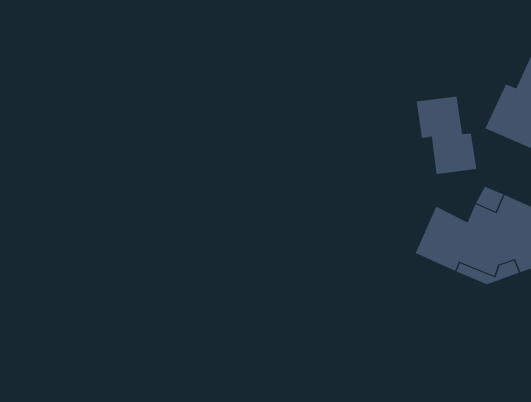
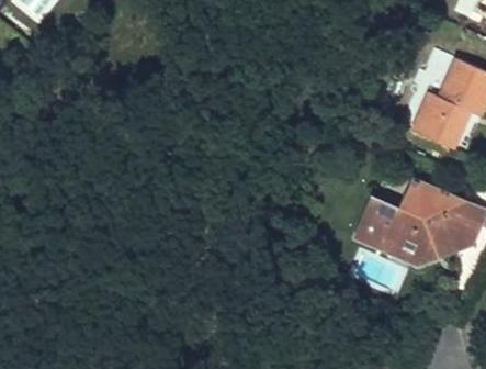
building: [416,96,477,175] -> none

